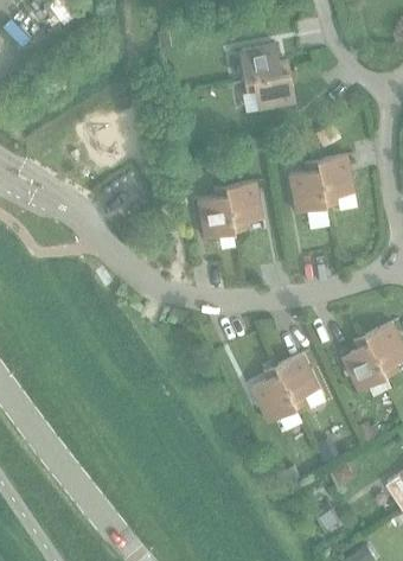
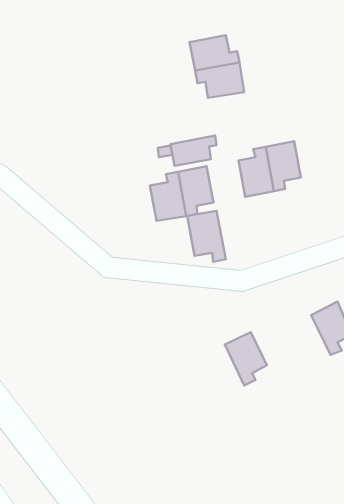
building: none -> [171,135,217,166]
building: none -> [187,211,226,262]
building: [341,337,385,393] -> none
building: [251,368,295,423] -> none

